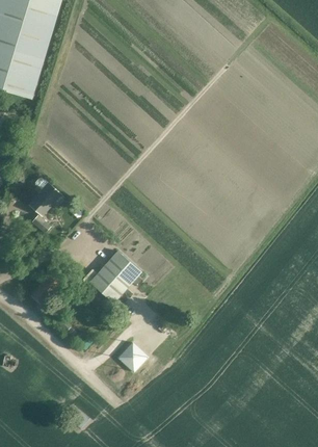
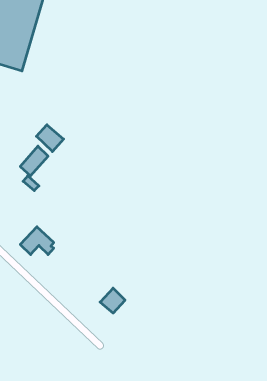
building: none -> [36,125,64,152]
building: [89,252,140,304] -> none

